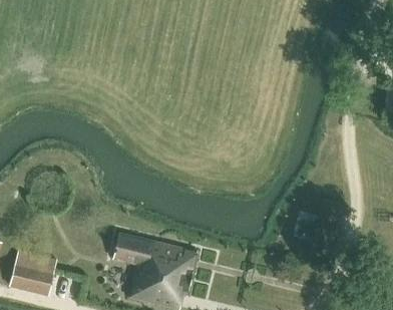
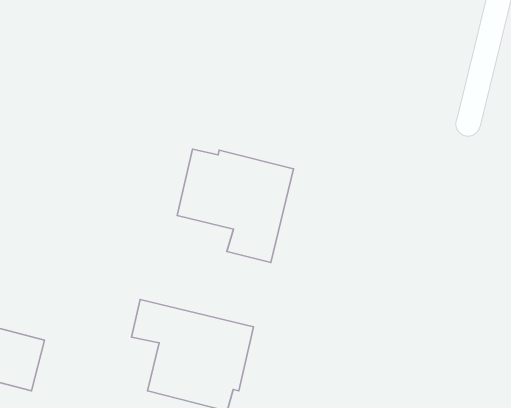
building: none -> [177,149,294,263]

